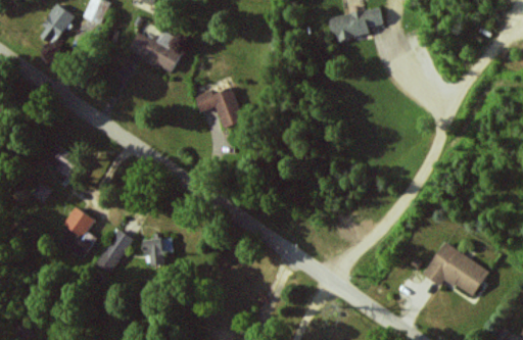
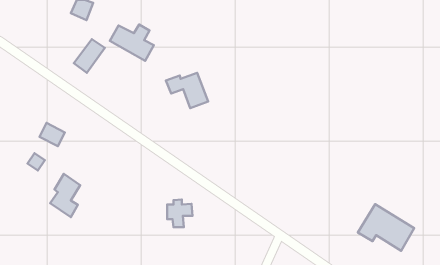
building: [38,5,75,45] -> [74,39,105,73]
building: [331,7,382,40] -> none
building: [96,229,133,273] -> none
building: [144,233,174,265] -> [167,199,192,227]

